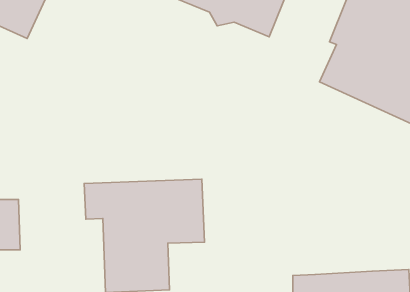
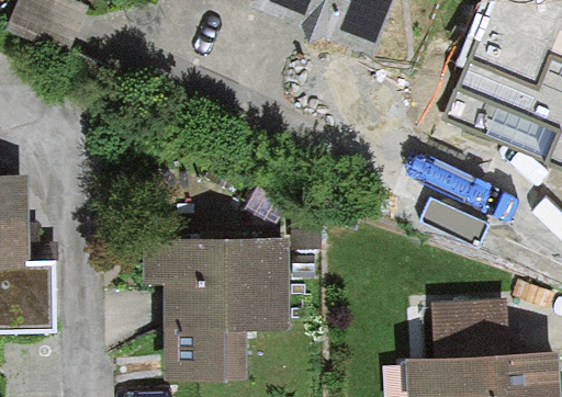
building: none -> [434,302,510,361]

